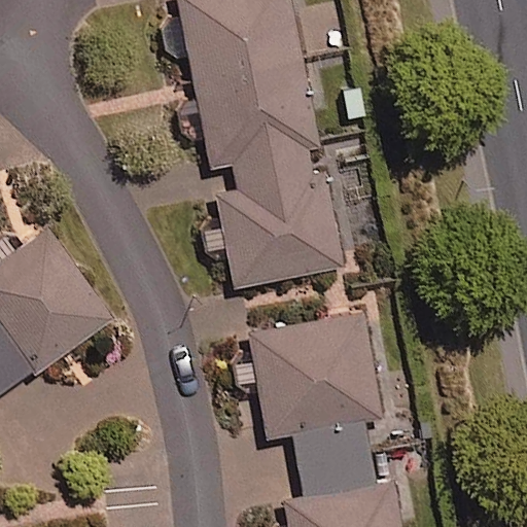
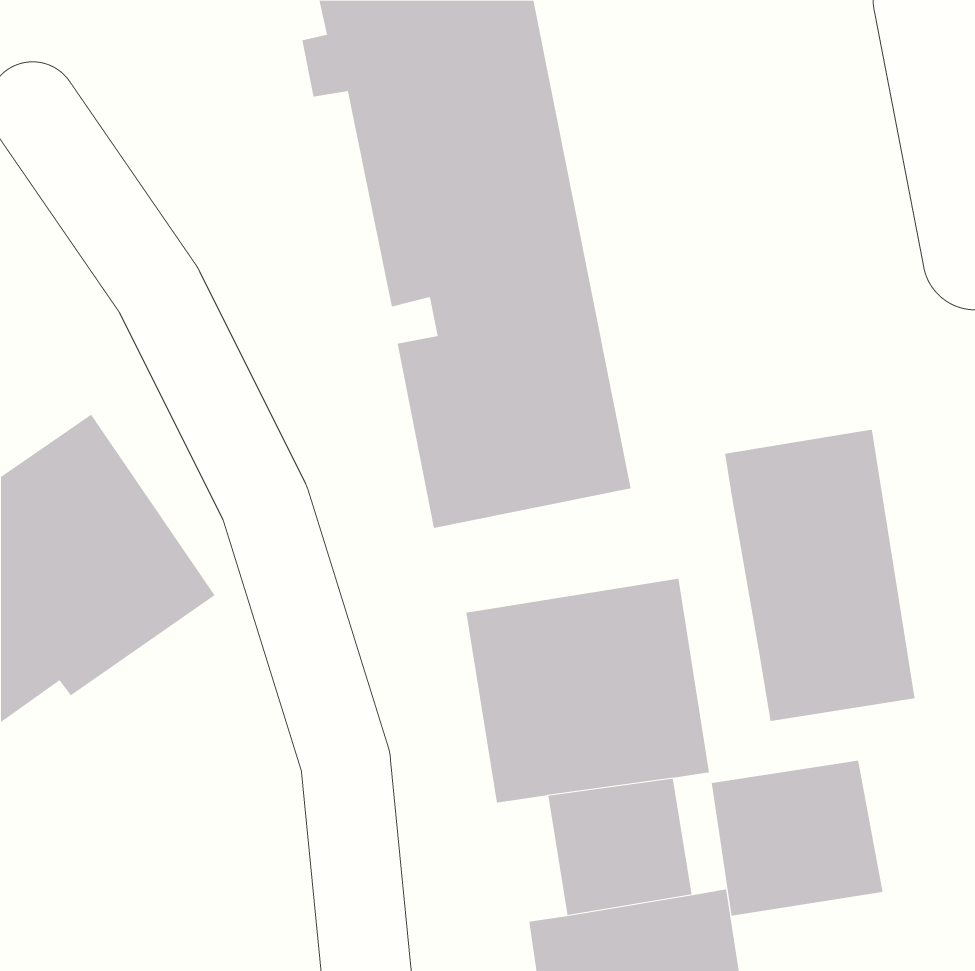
building: none -> [725,429,915,722]
building: none -> [711,760,883,917]

